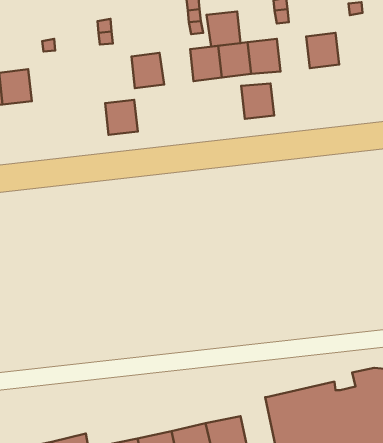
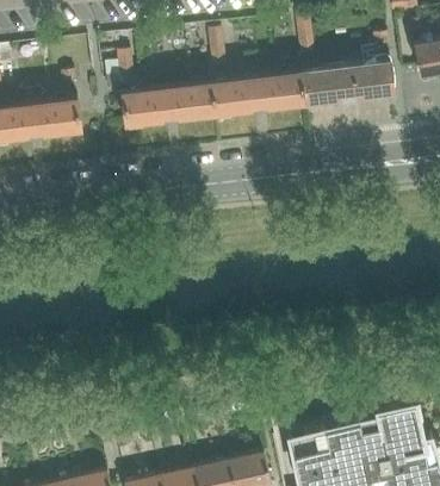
building: [207,11,241,47] -> [181,80,216,116]
building: none -> [360,60,393,95]
building: none -> [48,96,81,132]
building: [241,84,274,119] -> [300,67,334,102]
building: [105,100,138,135] -> [123,87,156,123]

